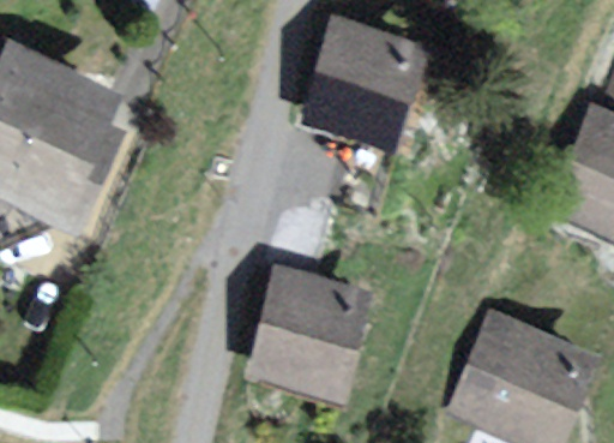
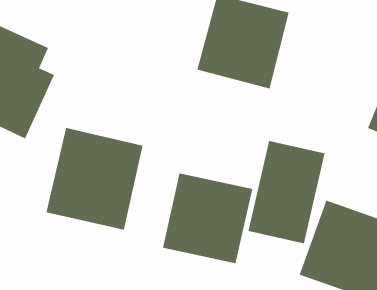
building: none -> [46,127,143,230]
building: none -> [248,140,325,244]

